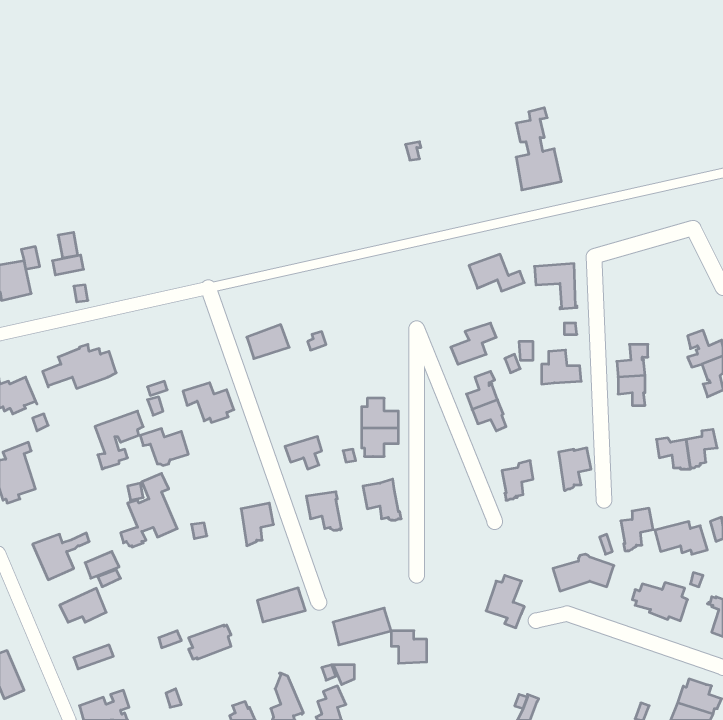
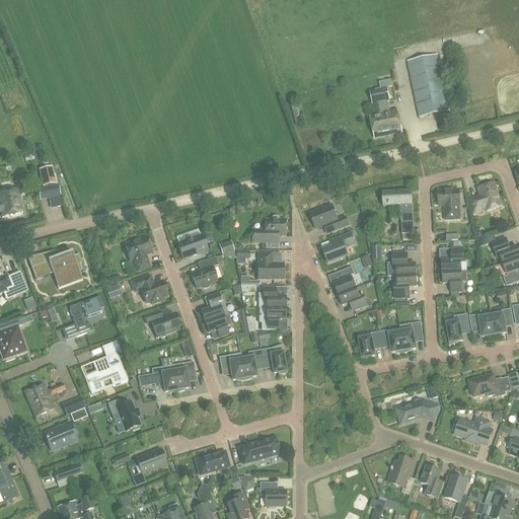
building: none -> [406,52,449,115]
building: none -> [470,181,501,210]
building: [469,254,524,291] -> [309,203,349,229]
building: none -> [438,189,459,217]
building: none -> [252,214,285,240]
building: none -> [124,234,152,270]
building: none -> [257,251,283,278]
building: none -> [191,253,222,287]
building: none -> [393,273,417,297]
building: none -> [201,291,227,319]
building: [140,429,188,465] -> [144,309,178,336]
building: none -> [379,328,403,351]
building: none -> [240,348,263,378]
building: [621,508,653,551] -> [446,312,469,343]
building: none -> [151,364,176,390]
building: none -> [106,397,140,430]
building: [486,575,524,628] -> [387,455,415,493]
building: [257,588,305,622] -> [195,449,229,473]
building: [391,631,427,663] -> [260,481,285,505]
building: none -> [420,463,443,497]
building: none -> [443,472,467,501]

